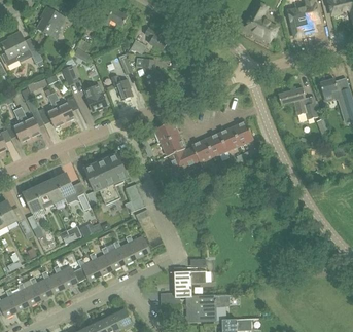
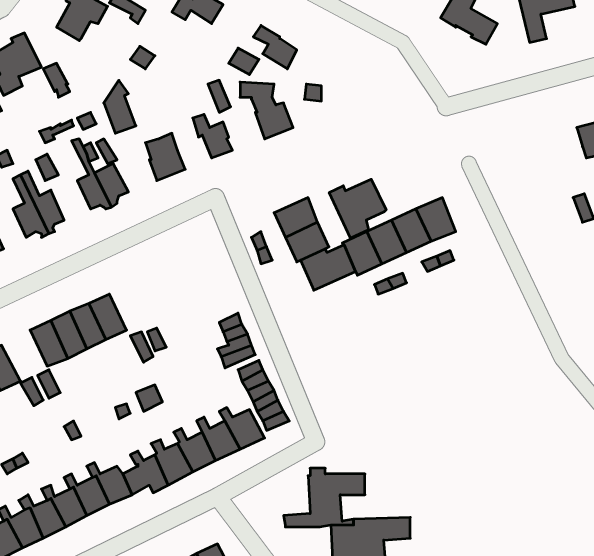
building: [278,86,319,119] -> none
building: none -> [329,179,386,238]
building: [83,152,126,205] -> none

